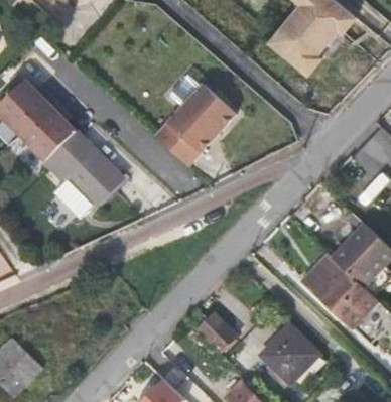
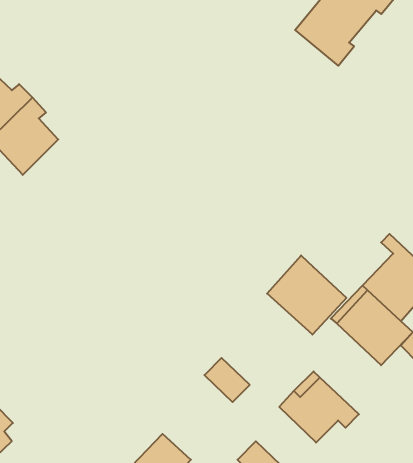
building: [153,82,235,164] -> none
building: [49,136,122,220] -> none
building: none -> [267,255,346,335]

